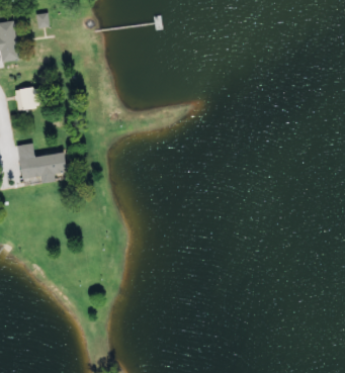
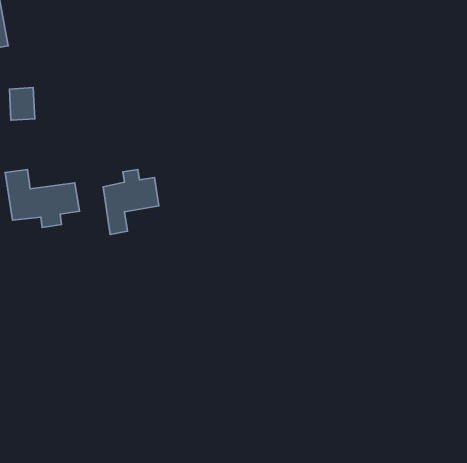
building: none -> [103,170,159,234]

